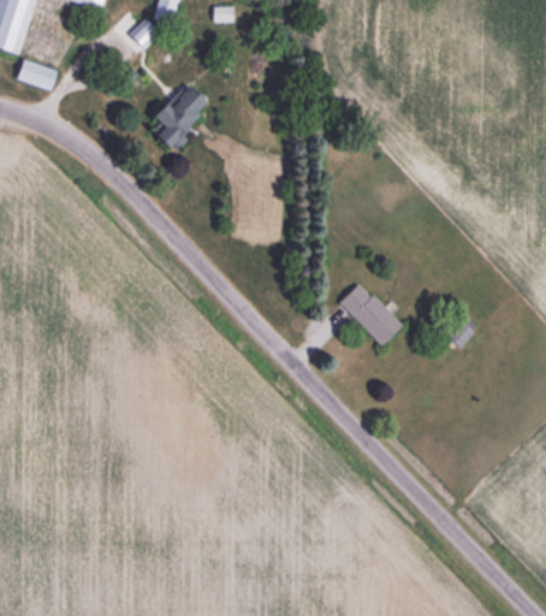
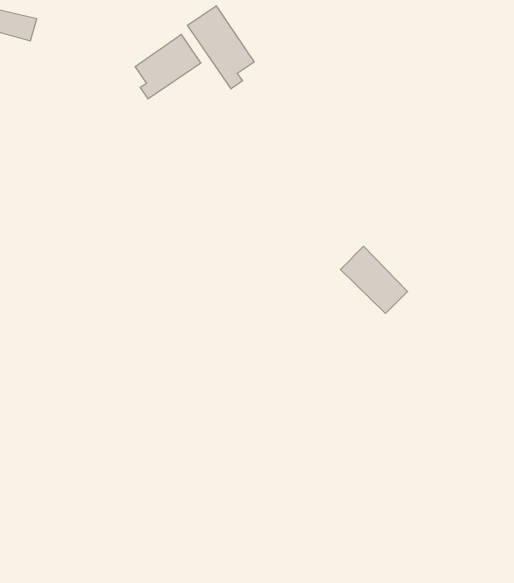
building: none -> [188,6,254,89]

